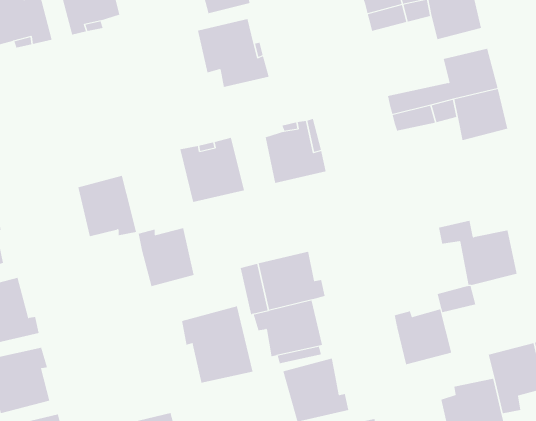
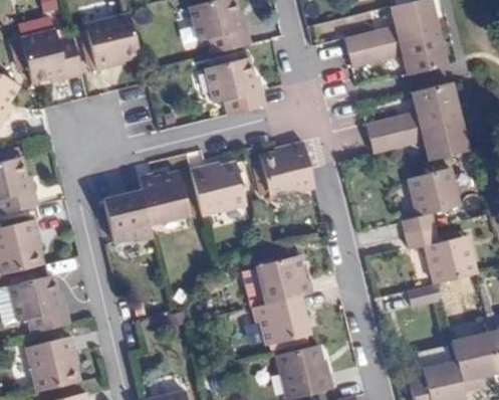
building: none -> [404,170,459,234]
building: [138,228,195,287] -> [138,171,186,221]
building: [181,305,253,383] -> none
building: [394,309,452,365] -> none

